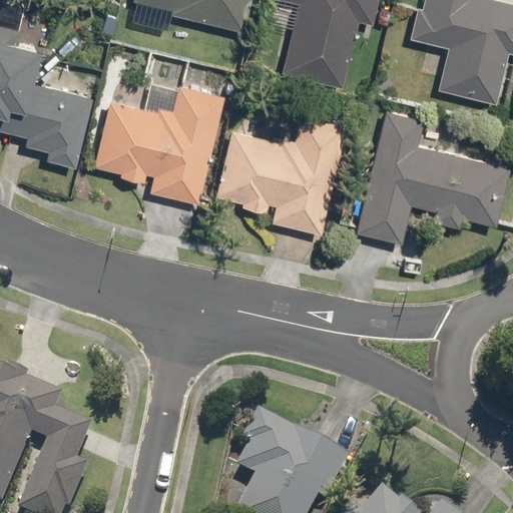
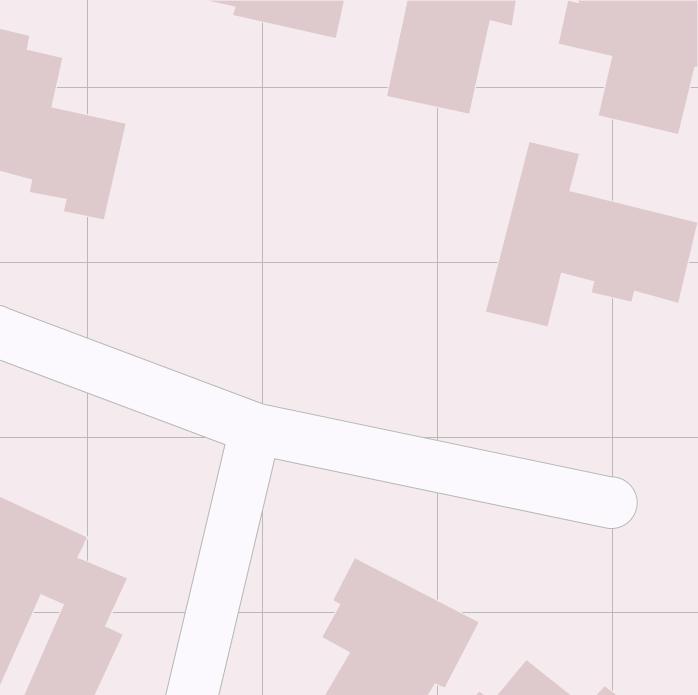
building: [92,78,223,203] -> none
building: [214,113,346,234] -> none

